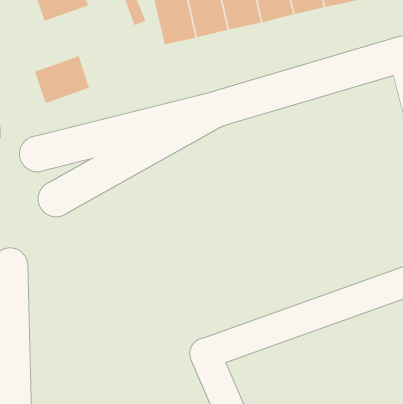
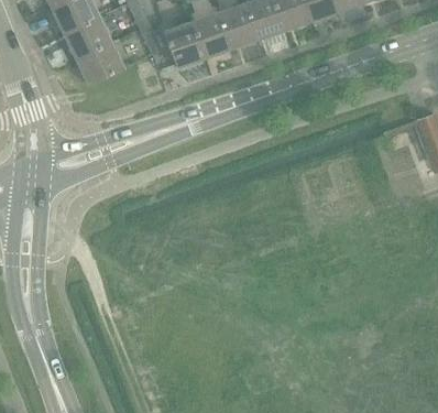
building: [34,55,90,104] -> [74,39,122,83]

